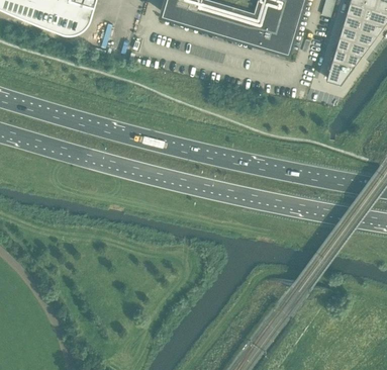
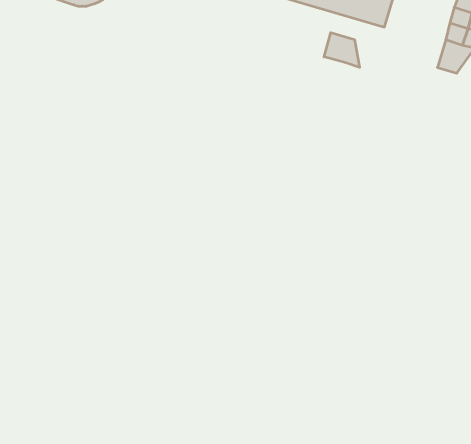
building: none -> [324,33,360,67]

